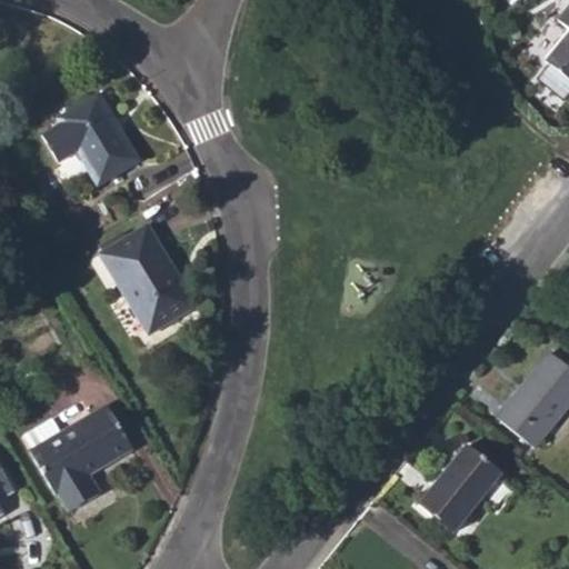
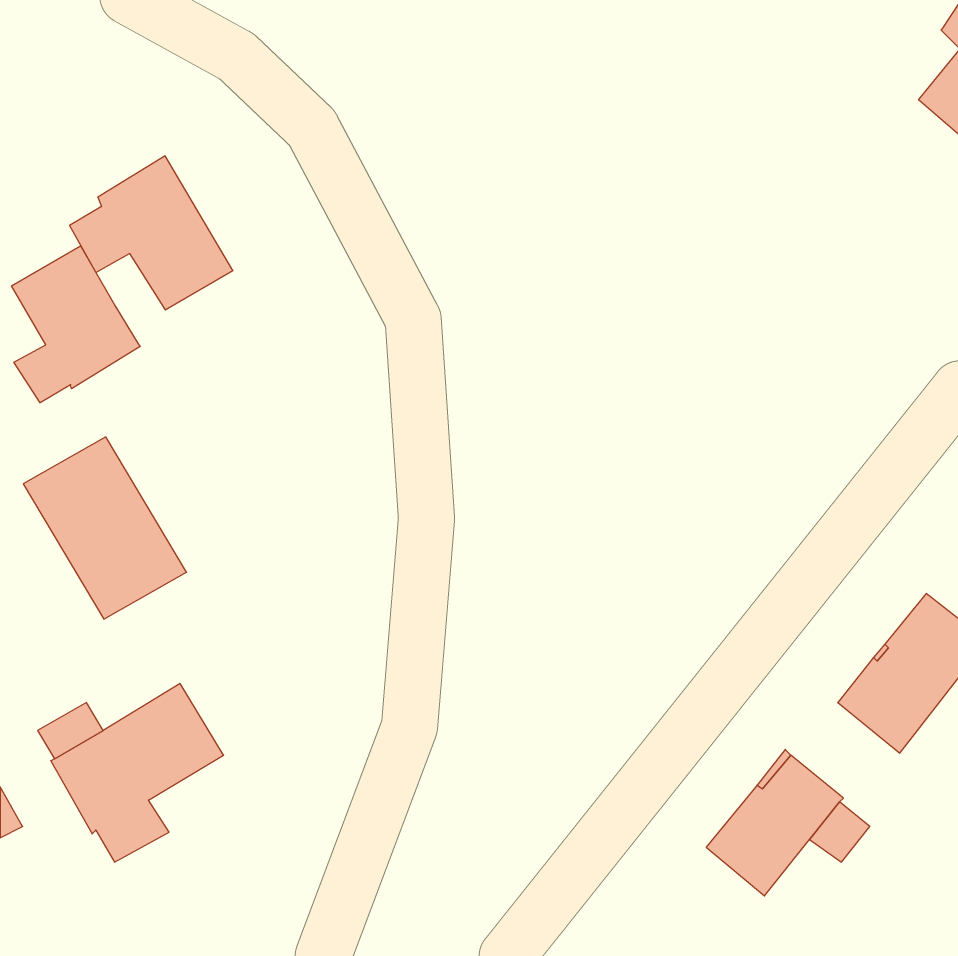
building: none -> [12,246,140,403]
building: [100,224,197,332] -> [23,437,187,619]

